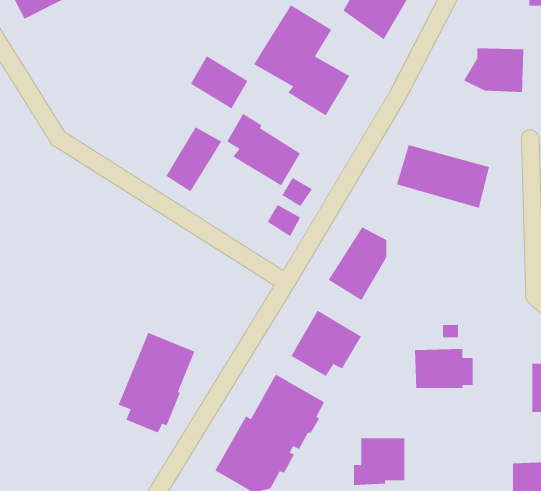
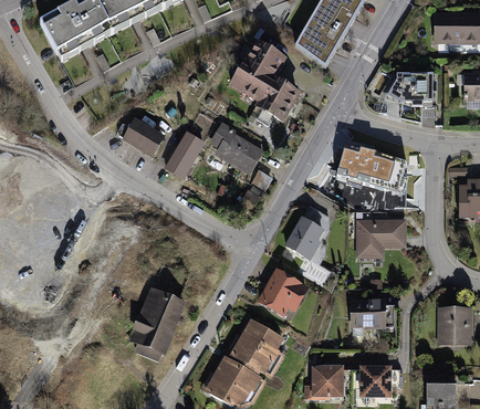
building: [190,56,248,109] -> [122,118,165,158]
building: none -> [356,219,407,258]
building: none -> [357,363,399,396]

